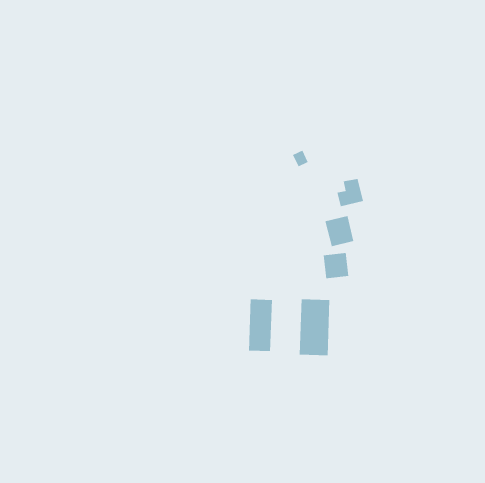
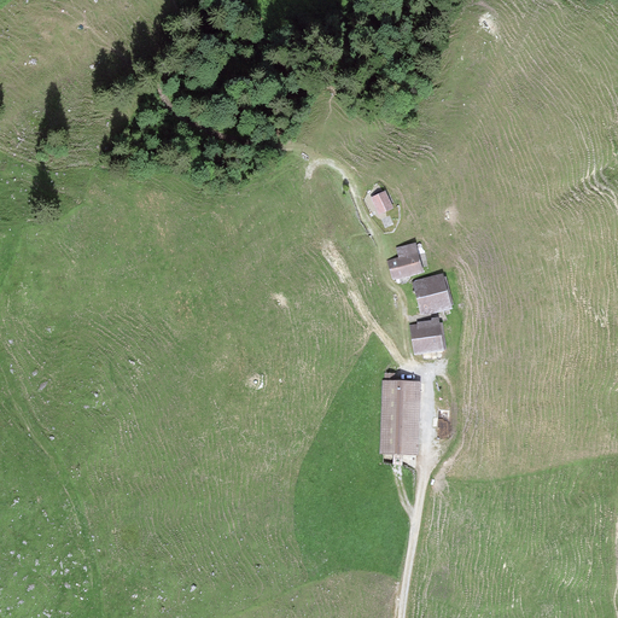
building: [336,178,364,207] -> [389,241,424,278]
building: [248,299,272,352] -> none

